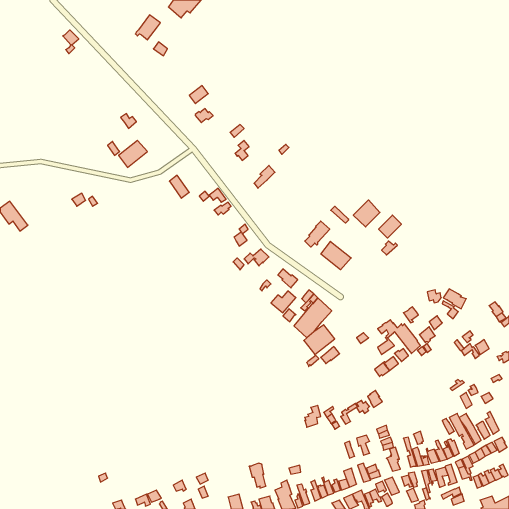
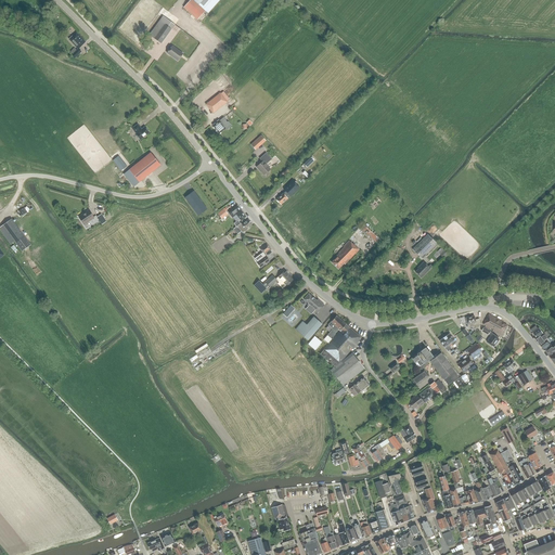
building: [353,200,380,227] -> none
building: [321,241,351,270] -> none

